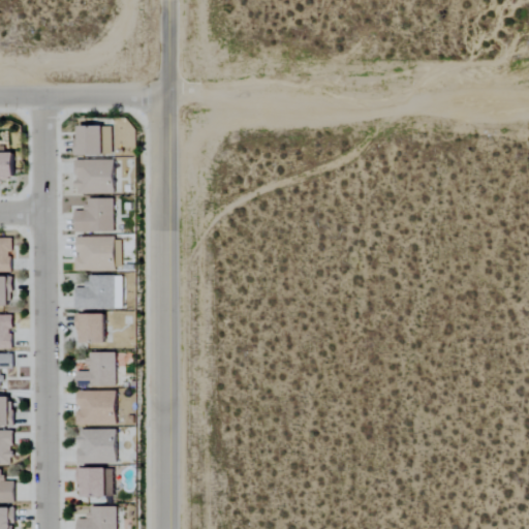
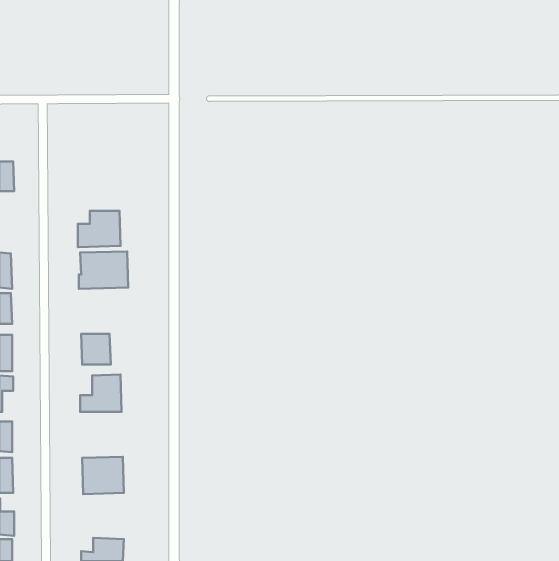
building: [74,126,112,155] -> none
building: [75,160,113,194] -> none
building: [74,276,122,311] -> none
building: [75,391,115,427] -> none
building: [76,468,114,498] -> none

